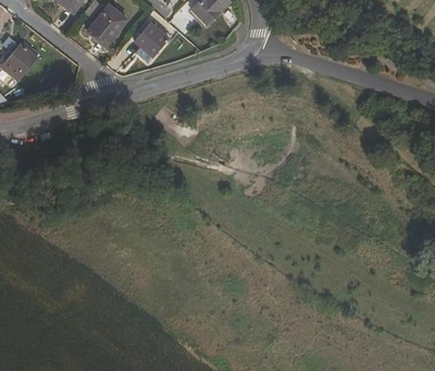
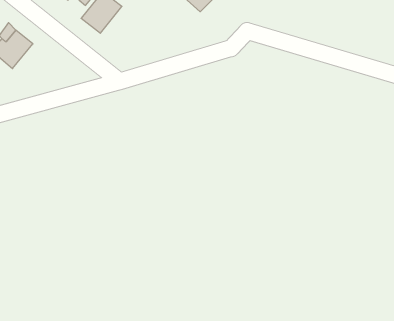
building: [134,22,169,54] -> none

